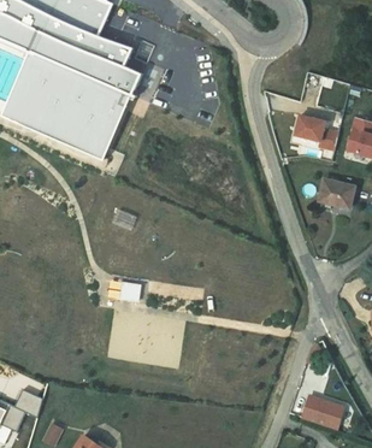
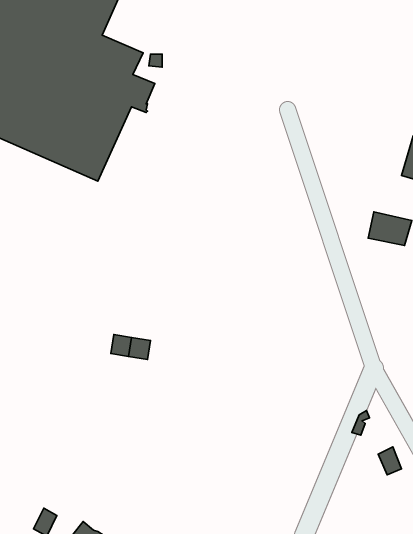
building: [295,114,338,149] -> none
building: [302,396,344,430] -> none

